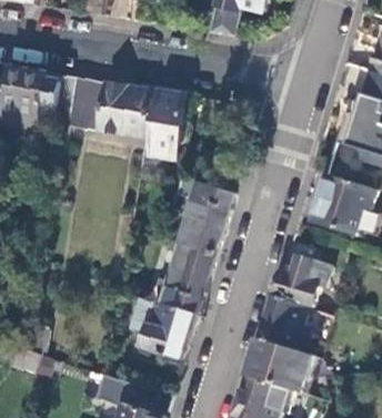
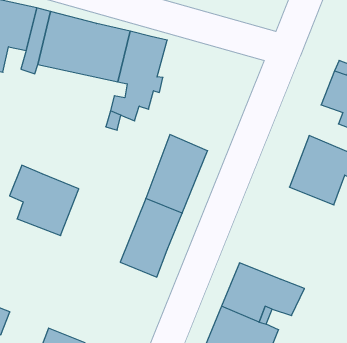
building: [272,255,331,309] -> none
building: [131,299,195,363] -> [10,165,79,236]

